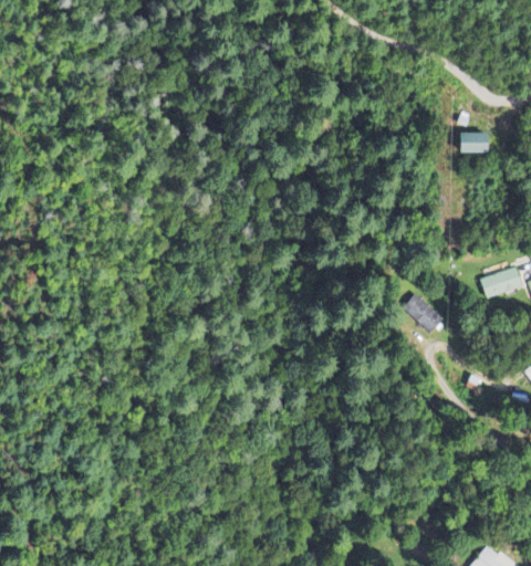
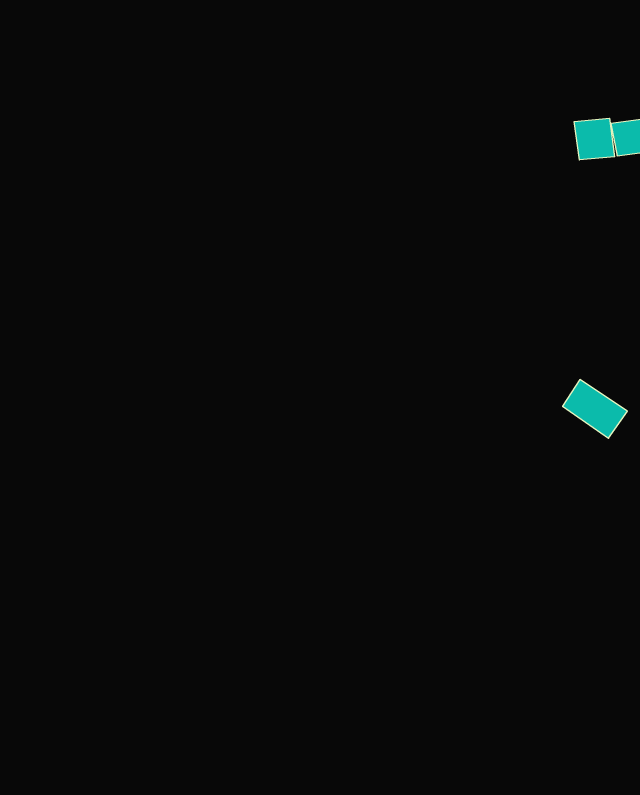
building: none -> [574,118,615,160]

